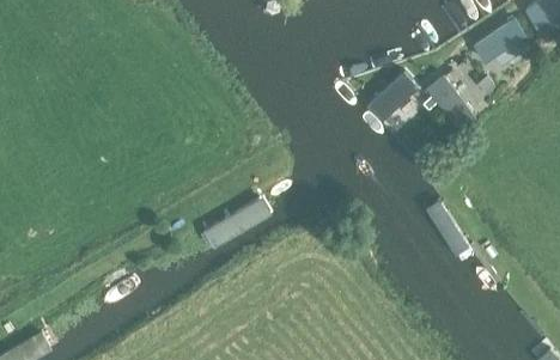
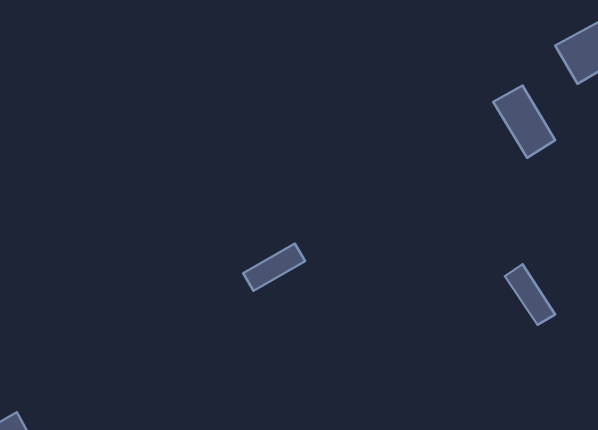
building: [371,74,419,108] -> none

